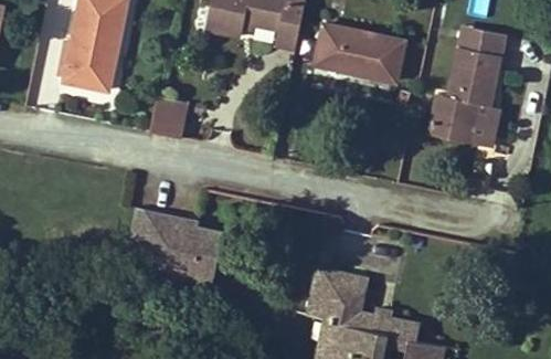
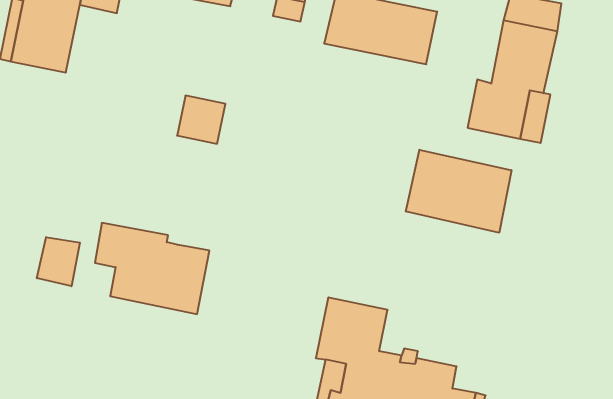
building: [149,101,188,139] -> [177,96,225,144]
building: none -> [406,150,511,233]
building: none -> [37,237,80,286]

